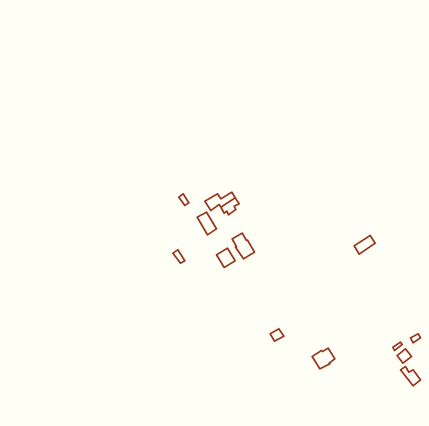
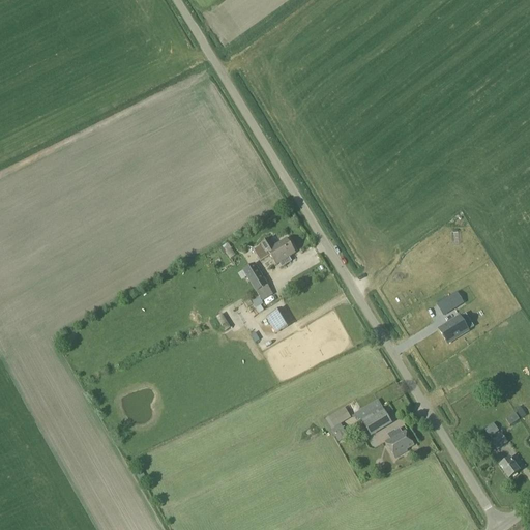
building: [232,233,255,259] -> none
building: none -> [438,315,468,342]
building: none -> [357,399,390,433]

